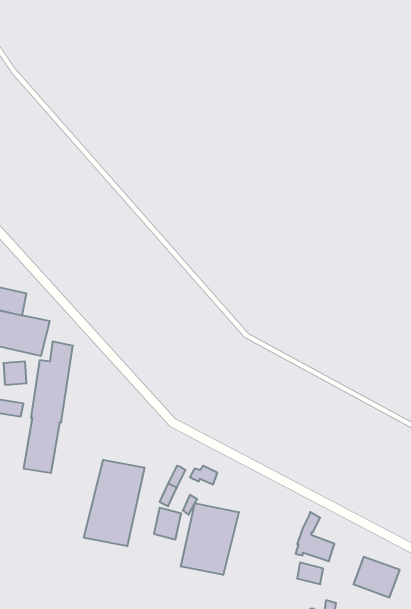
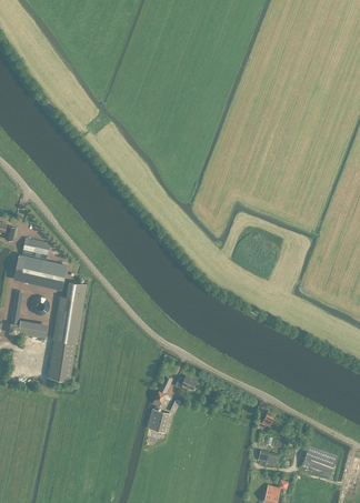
building: [84,460,145,546] -> none
building: [181,503,239,575] -> none

